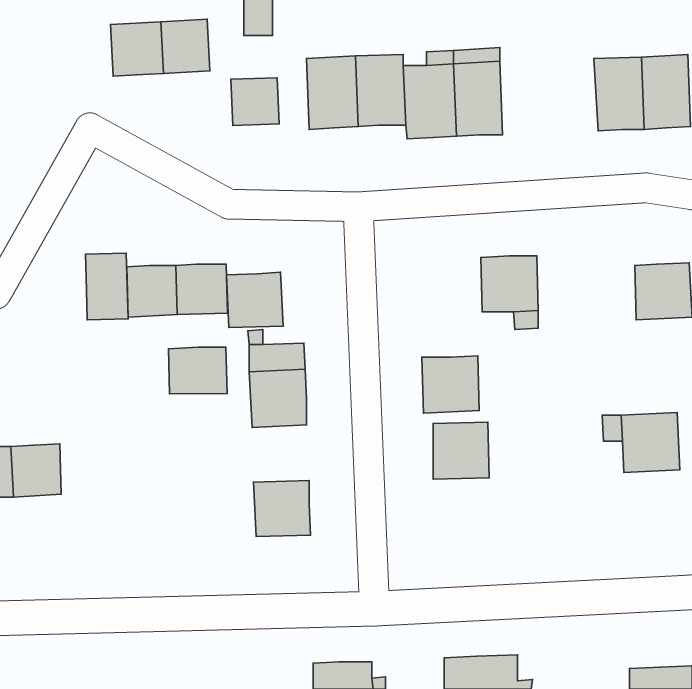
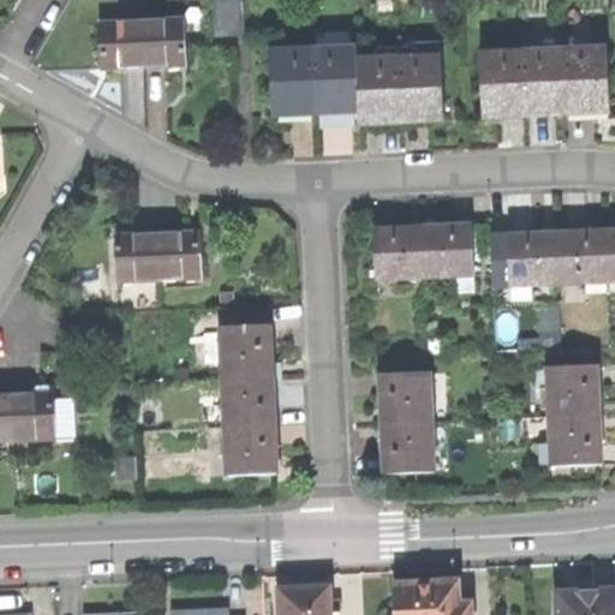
building: none -> [478,52,527,118]
building: [231,78,279,126] -> none
building: [86,253,128,320] -> none
building: none -> [508,234,561,285]
building: [226,272,283,328] -> none
building: [168,347,227,394] -> none
building: [422,356,479,413] -> [375,227,425,277]
building: none -> [222,375,273,425]
building: none -> [550,414,601,465]
building: none -> [382,422,431,471]

